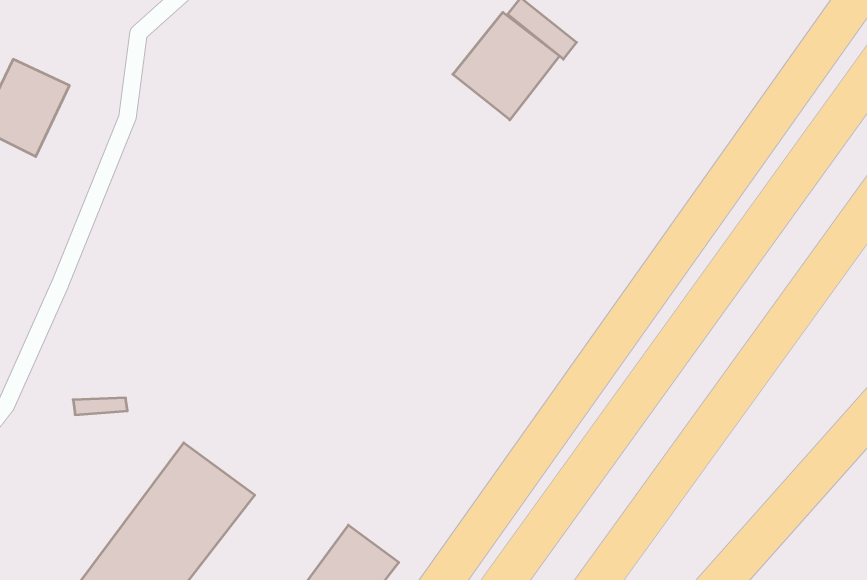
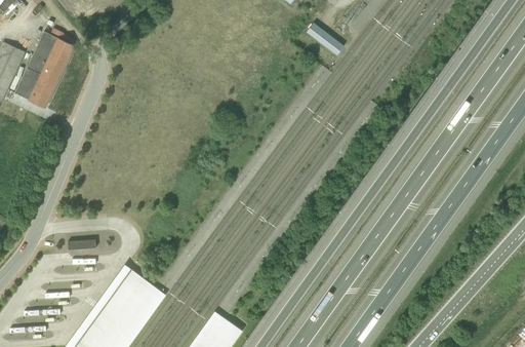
building: [453,12,559,120] -> none
building: none -> [33,31,75,69]

